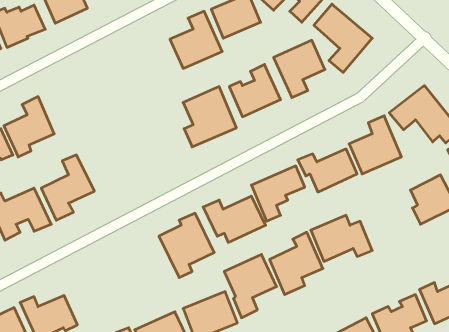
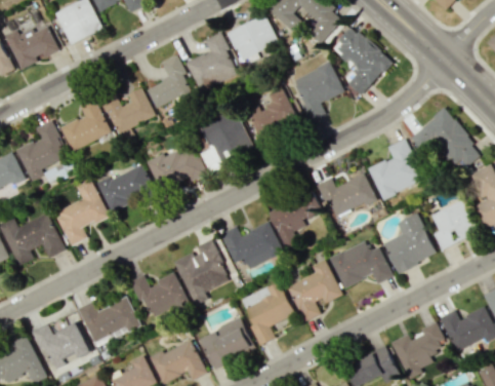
building: none -> [147,55,195,112]
building: none -> [101,87,154,141]
building: none -> [60,99,110,151]
building: none -> [147,149,203,190]
building: none -> [96,164,153,210]
building: none -> [383,213,436,272]
building: none -> [129,273,188,319]
building: none -> [77,297,139,345]

